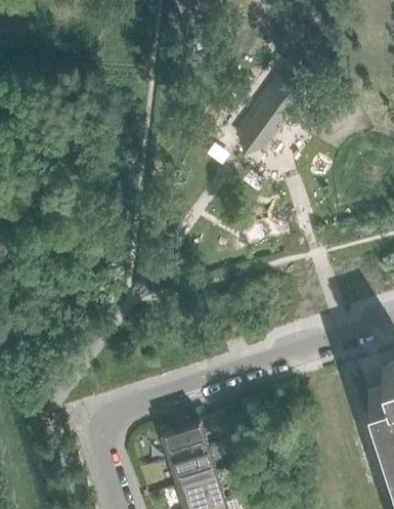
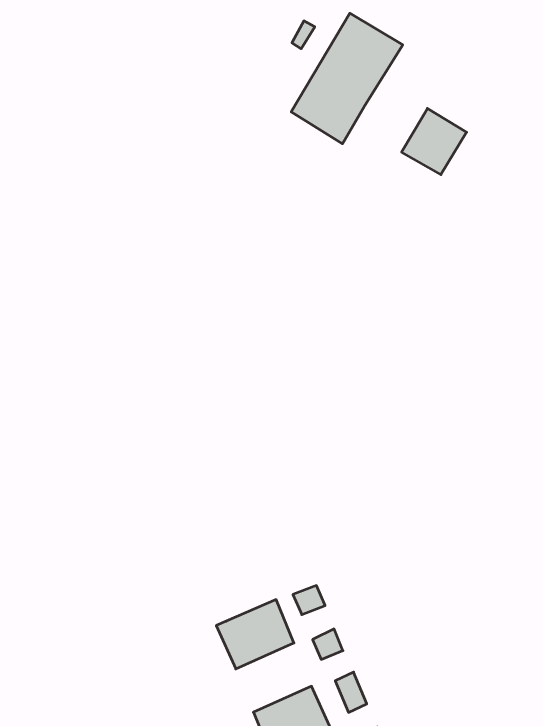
building: none -> [402,108,467,175]
building: [169,444,213,483] -> none

